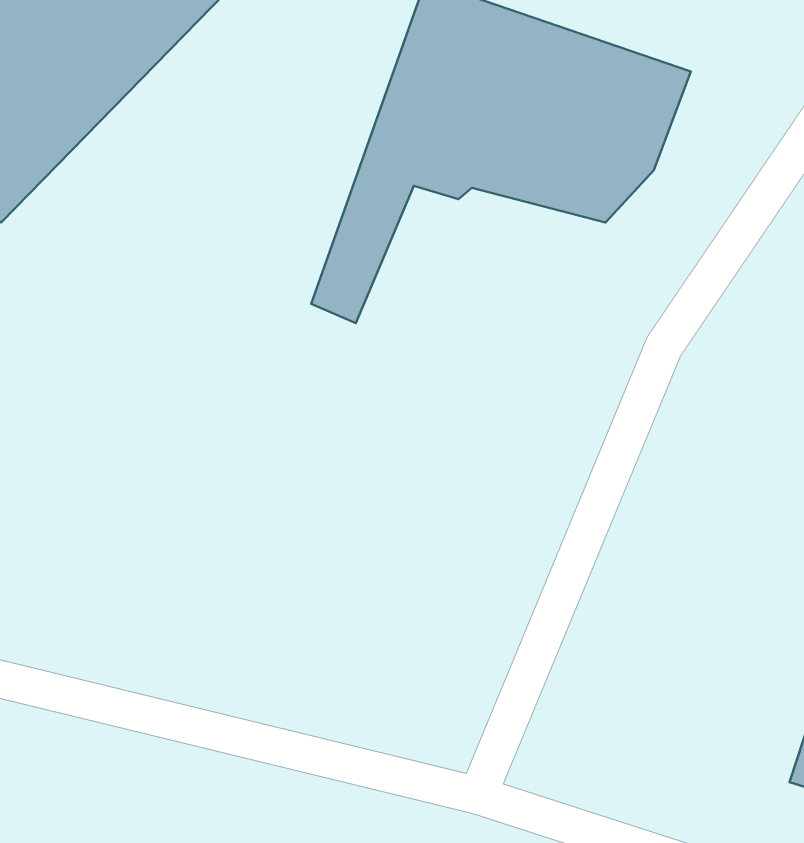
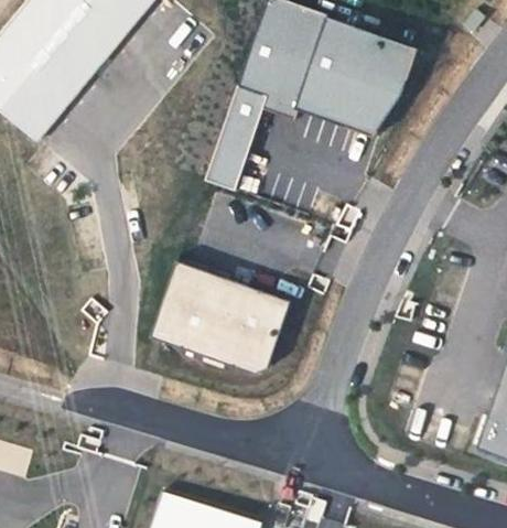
building: none -> [152,265,294,371]

